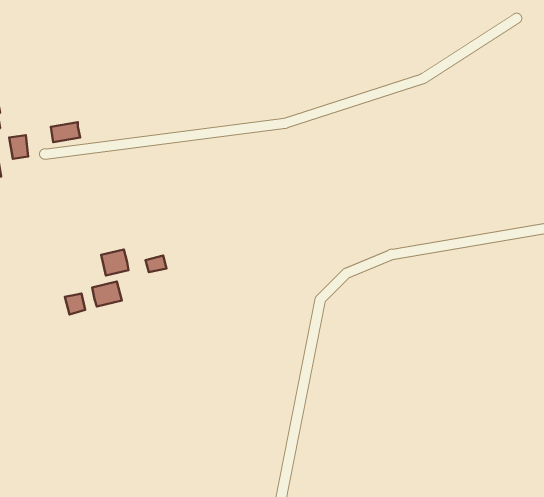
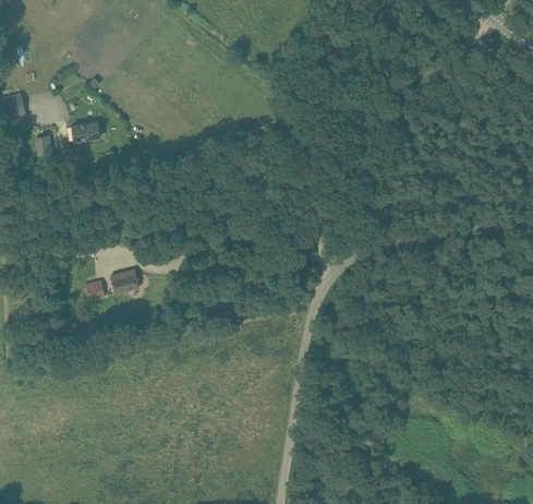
building: [101,250,129,275] -> none

